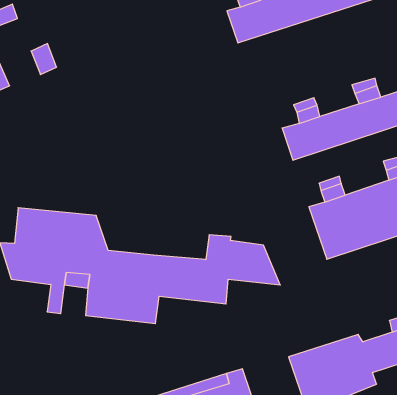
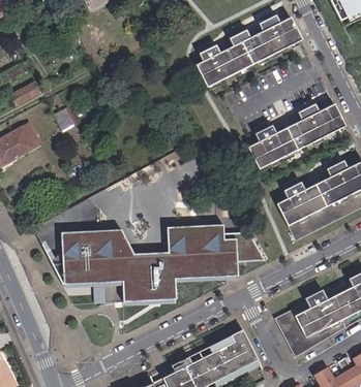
building: none -> [163,226,220,253]

